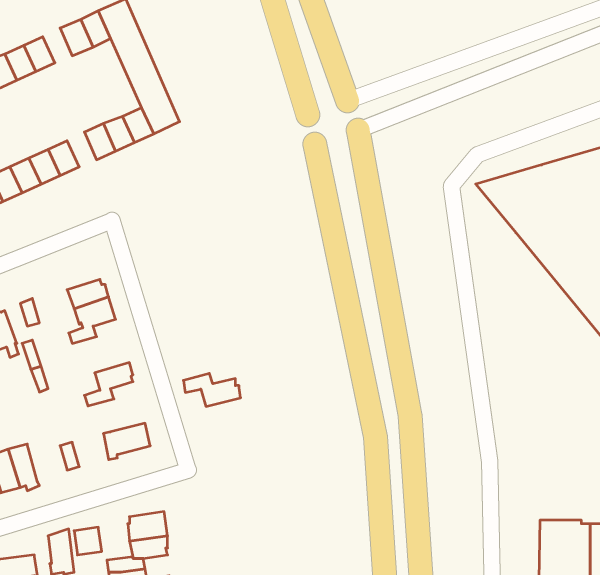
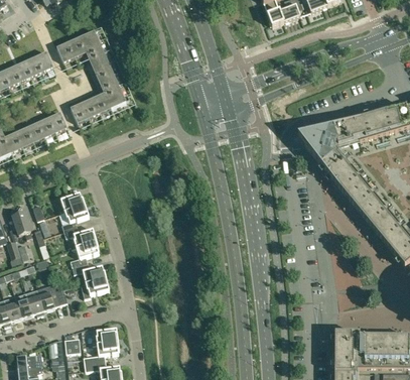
building: none -> [63,226,97,247]
building: [183,373,241,406] -> [73,262,106,281]
building: none -> [37,283,58,310]

